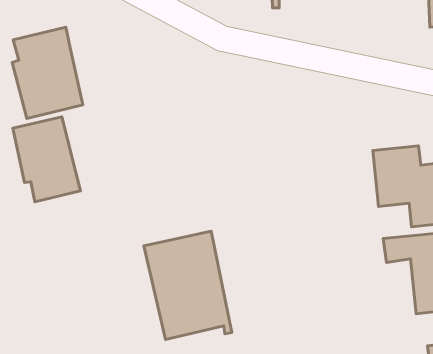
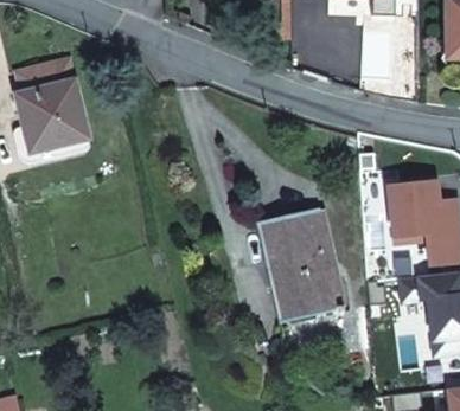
building: [13,117,81,202] -> none
building: [144,231,232,339] -> [256,210,347,322]

